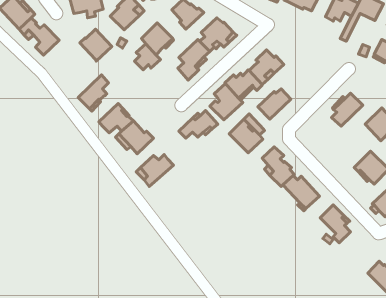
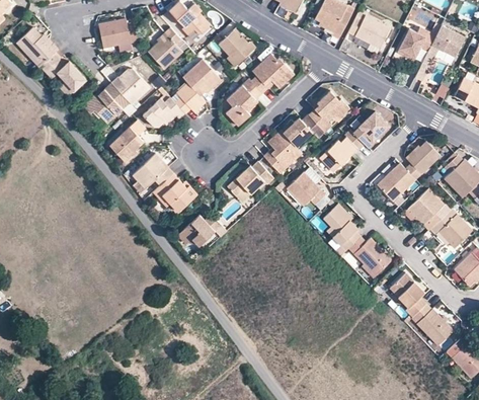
building: none -> [83,82,130,123]
building: none -> [143,97,185,127]
building: none -> [342,107,390,149]
building: none -> [378,163,416,202]
building: none -> [408,187,445,229]
building: none -> [413,303,455,344]

